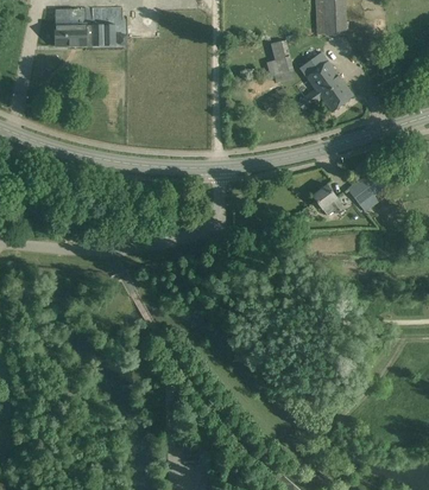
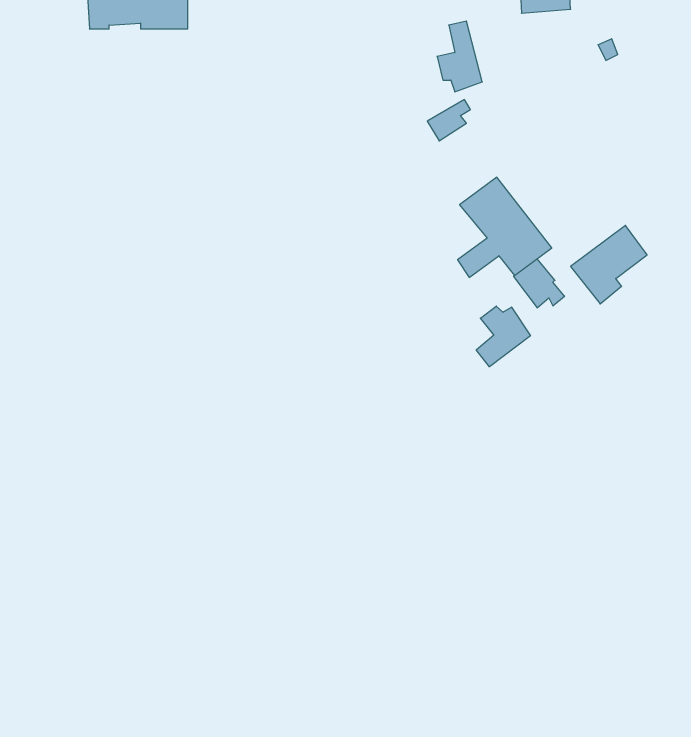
building: [296,52,353,113] -> [458,177,552,277]
building: none -> [476,306,530,367]

